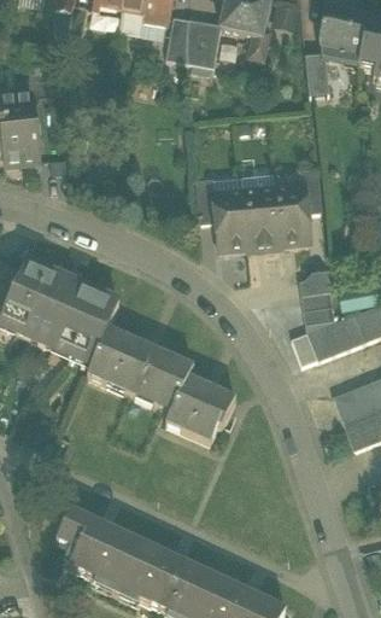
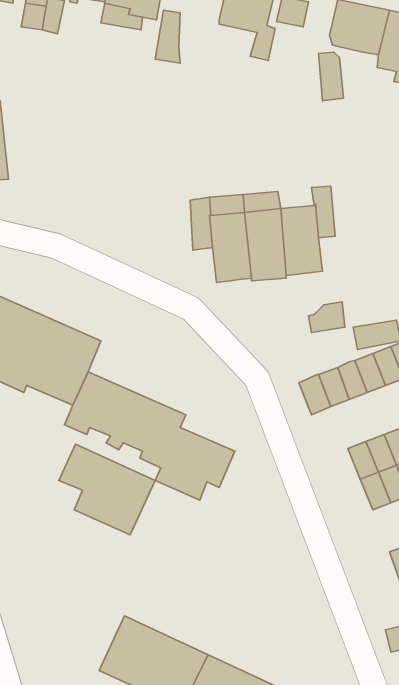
building: [187,21,222,70] -> none
building: [301,292,334,333] -> none
building: [57,511,140,589] -> [59,444,155,535]

